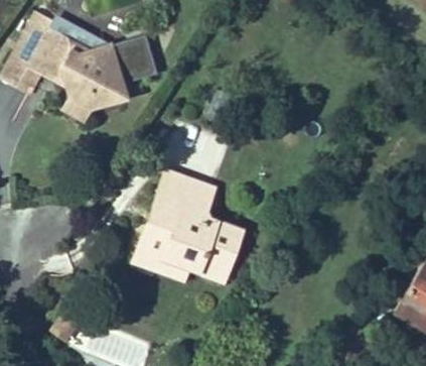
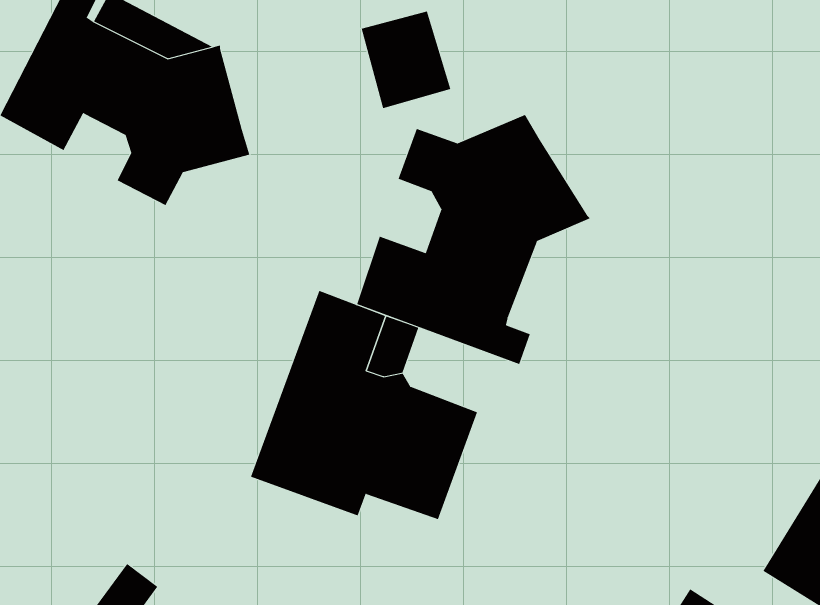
building: [115,34,161,85] -> [361,11,451,109]
building: none -> [356,114,591,365]

